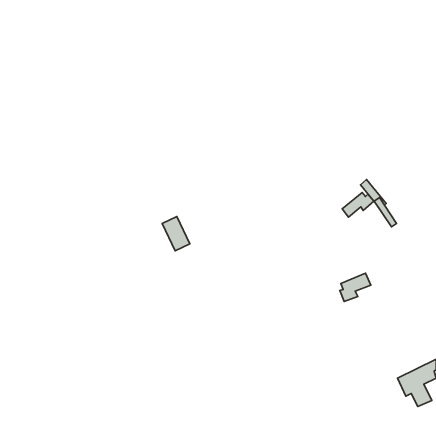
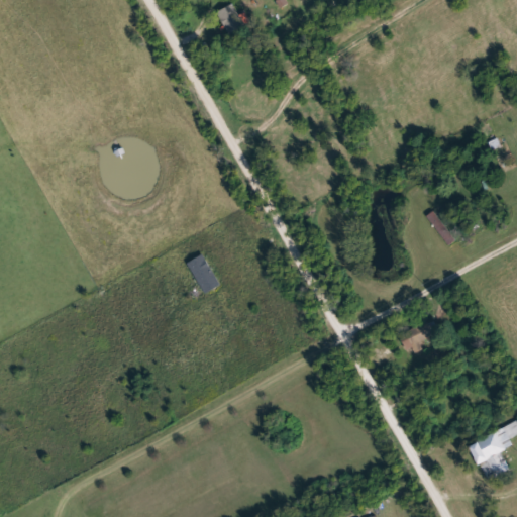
building: none -> [216,4,244,34]
building: [342,192,374,217] -> none

